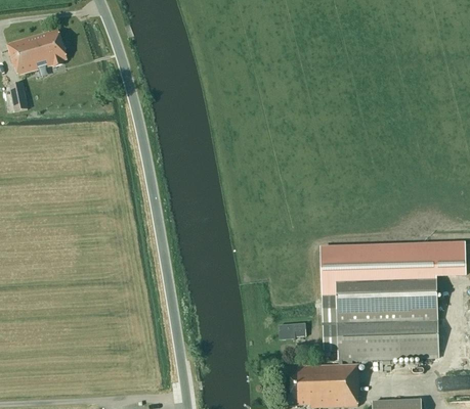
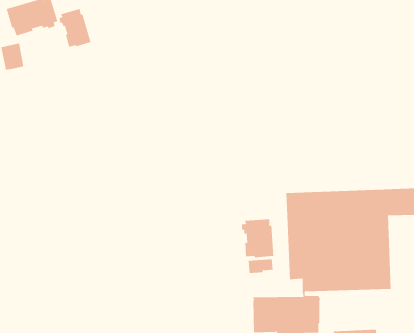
building: none -> [59,8,91,48]
building: none -> [242,218,274,258]

